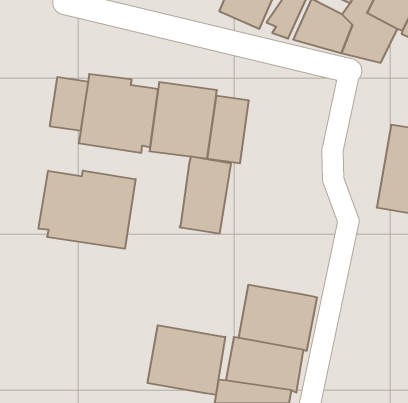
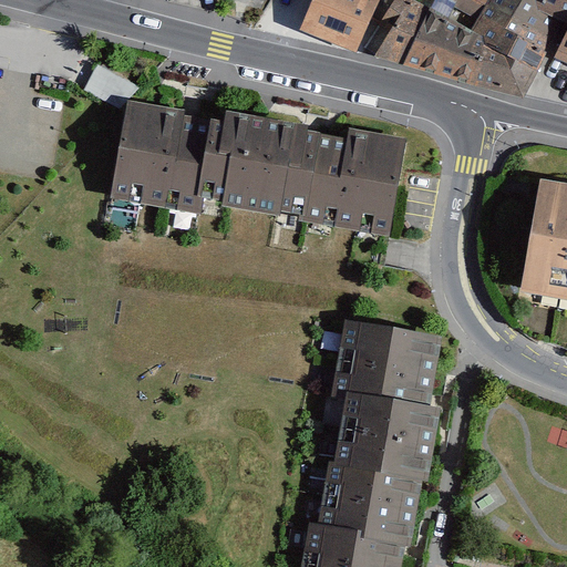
building: [50,77,88,131] -> none
building: [180,156,231,234] -> [333,130,404,236]
building: [39,170,136,249] -> none
building: none -> [328,319,437,406]
building: [148,325,225,395] -> none

